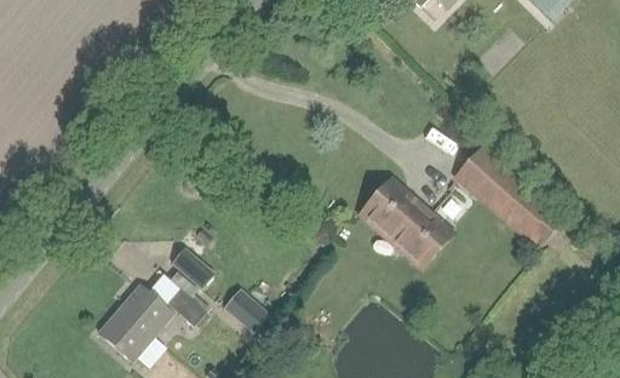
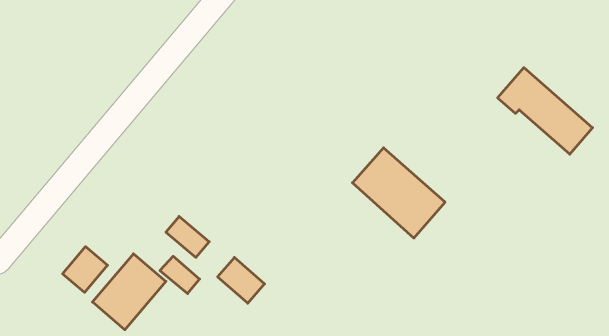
building: [454,147,550,234] -> [498,68,593,154]
building: none -> [63,247,108,292]

